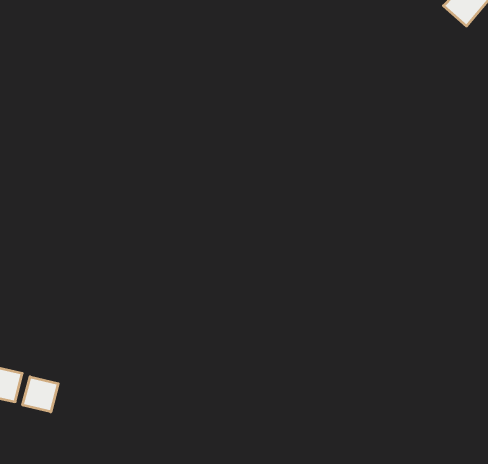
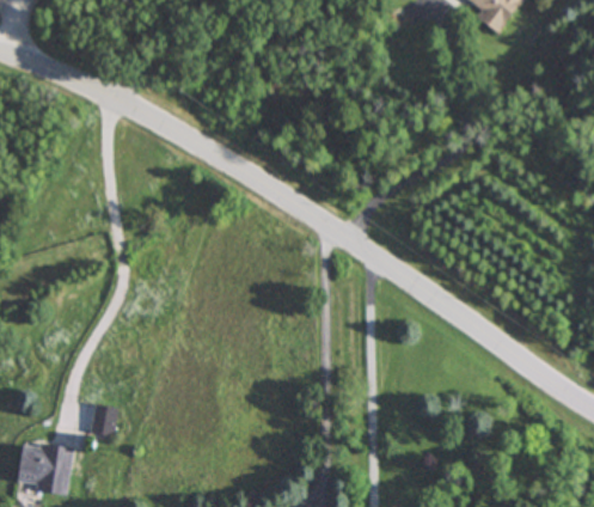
building: [23,377,58,412] -> none

